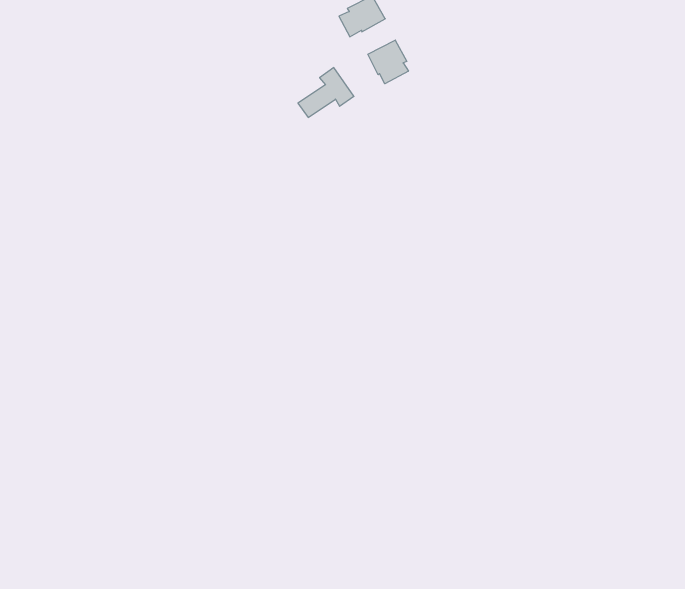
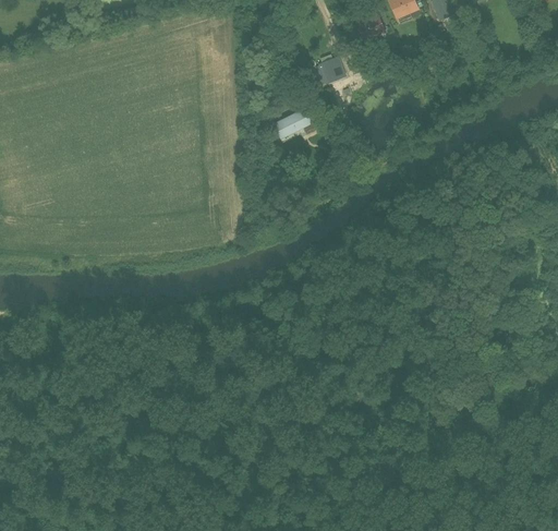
building: [368,40,408,84] -> none

